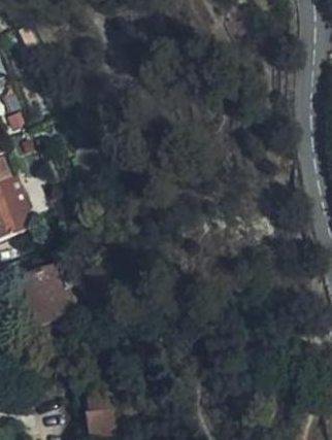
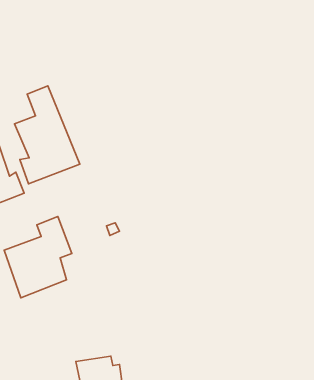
building: none -> [14,86,80,184]

